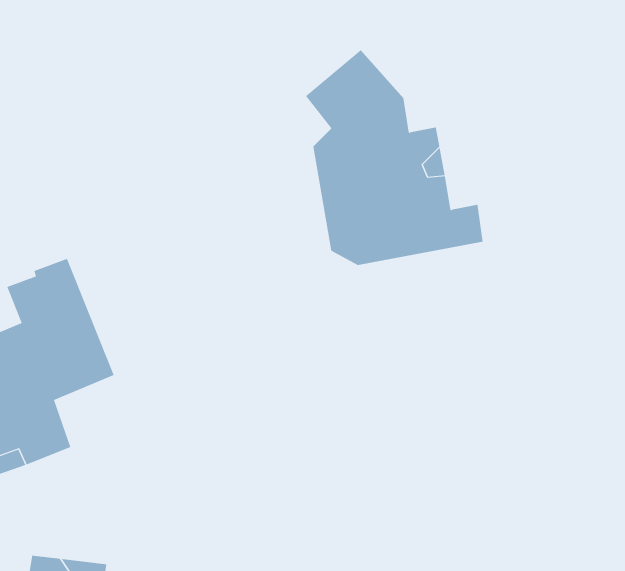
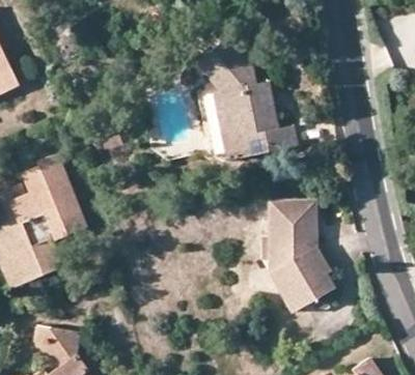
building: none -> [260,205,335,317]

